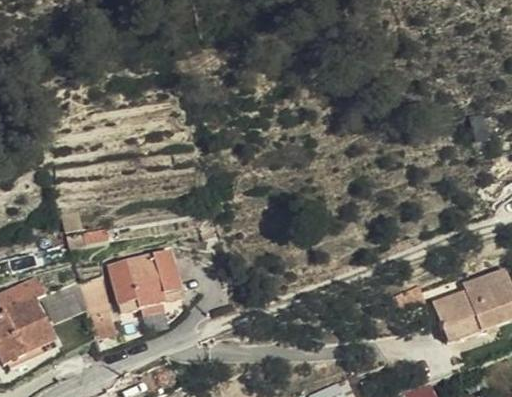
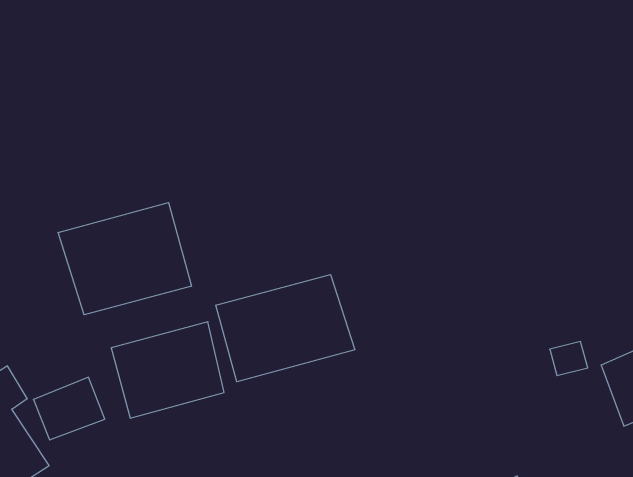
building: none -> [58,203,191,315]
building: none -> [216,275,355,382]

